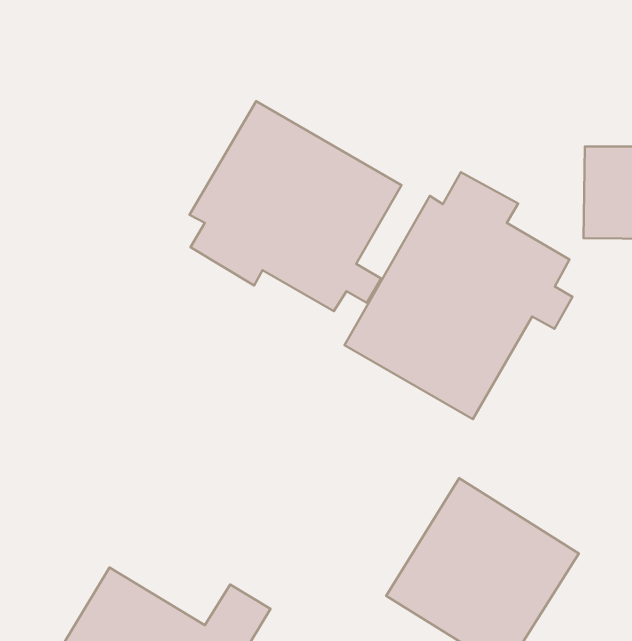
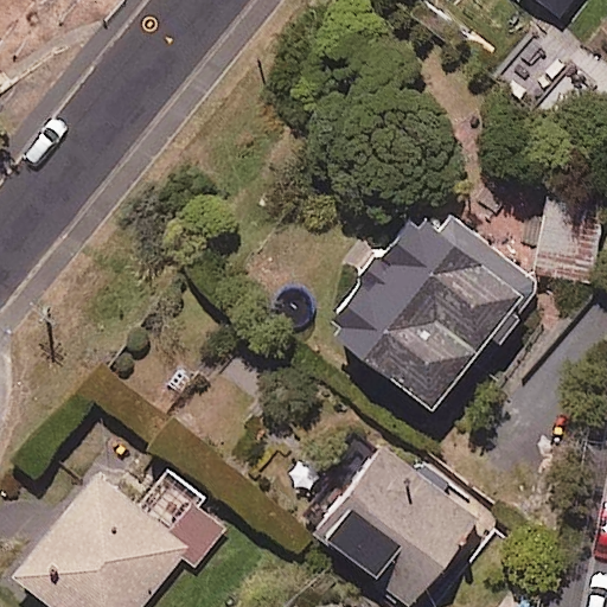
building: [190,101,402,311] -> none

